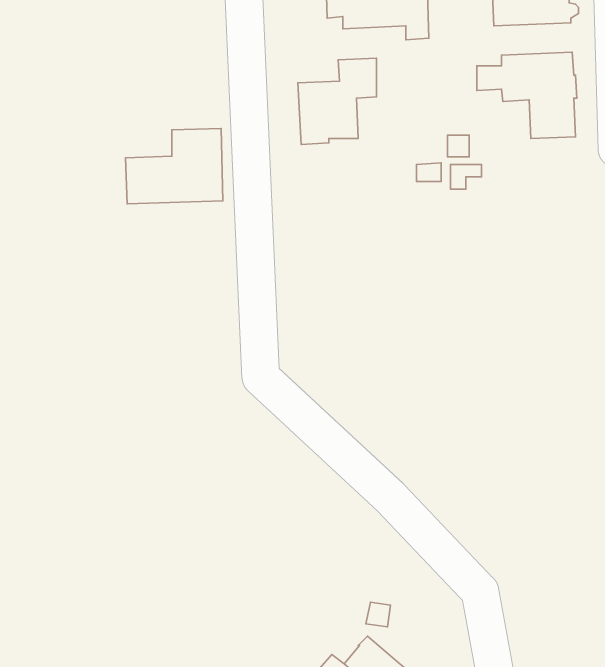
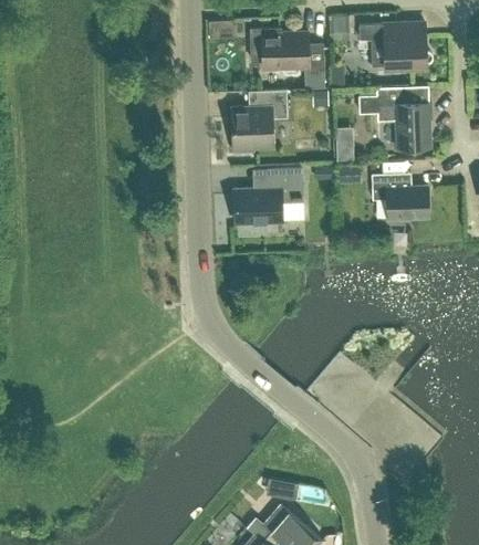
building: [126,128,223,204] -> [233,169,303,223]
building: none -> [371,174,428,219]

